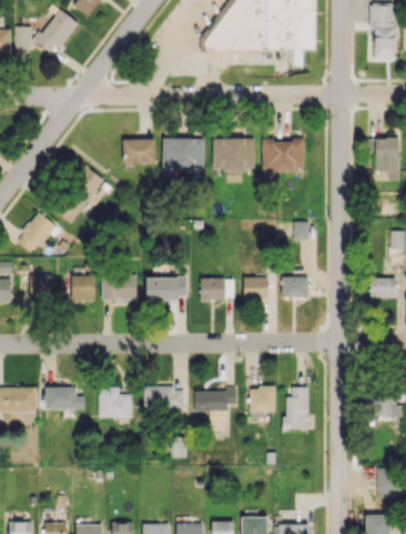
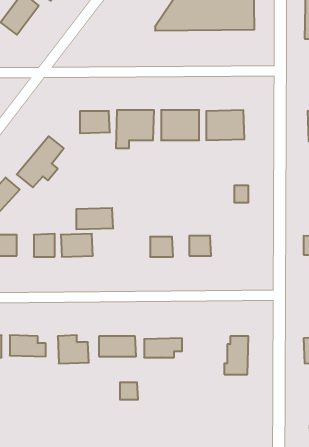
building: [146,276,187,300] -> [76,208,113,229]
building: [282,276,308,298] -> none
building: [251,387,276,417] -> none

